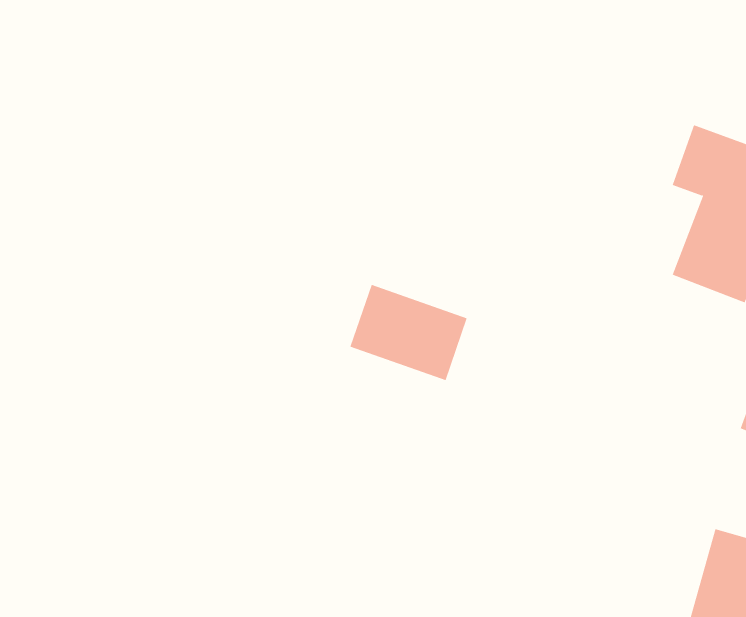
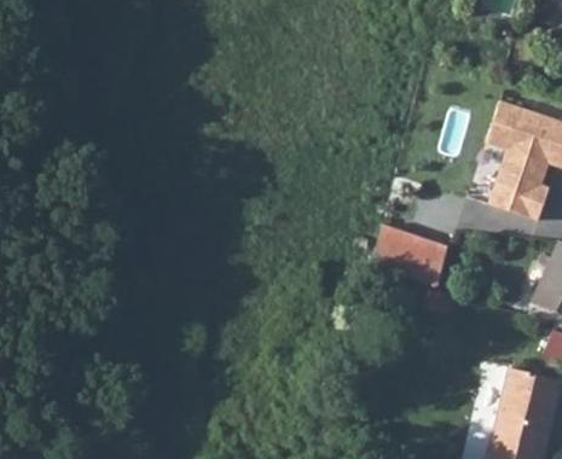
building: [350,284,468,381] -> [369,223,448,289]

